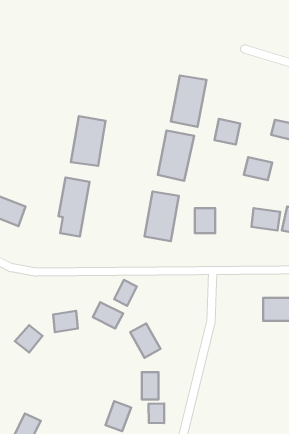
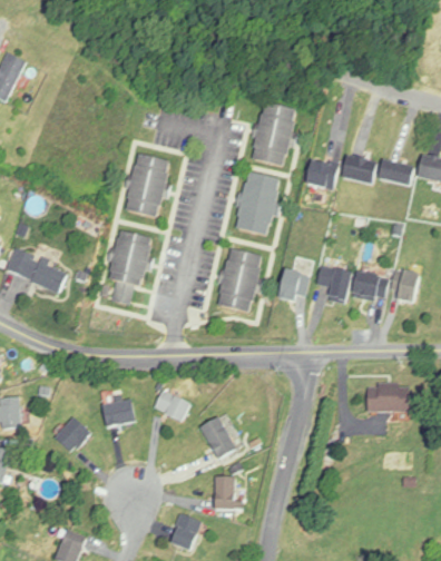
building: [244,157,272,180] -> [342,154,378,183]
building: none -> [317,266,352,302]
building: [114,280,137,306] -> none
building: [149,404,164,423] -> none

